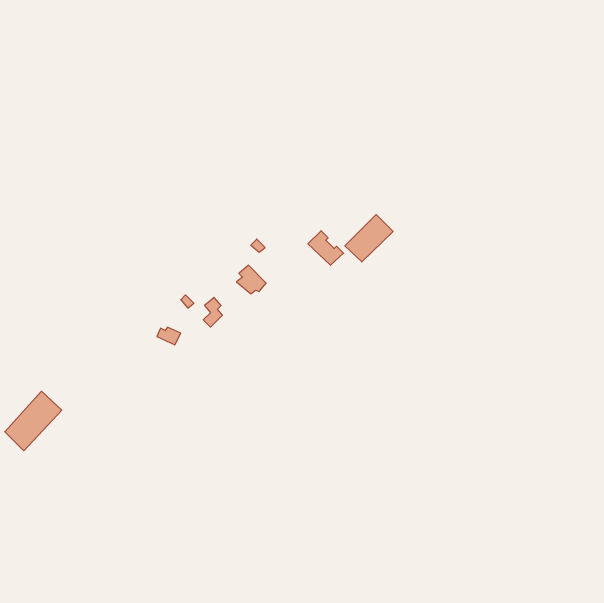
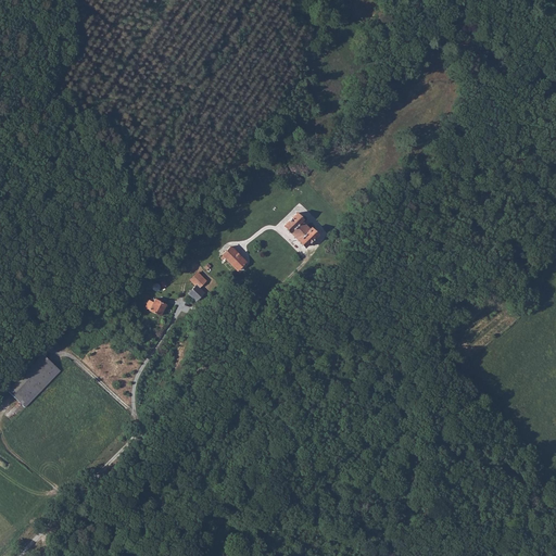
building: [345,215,393,262] -> none

